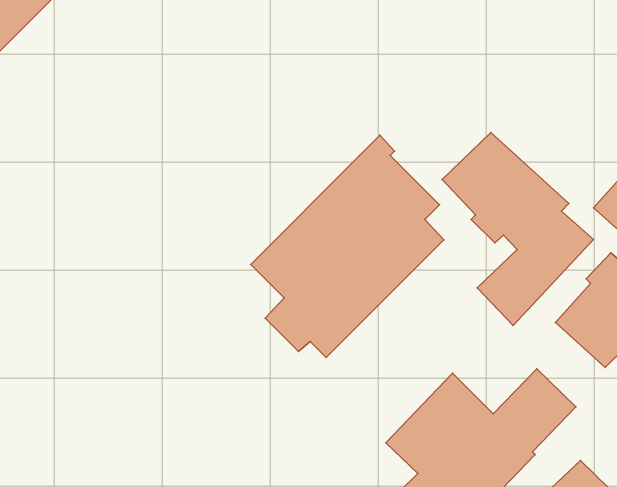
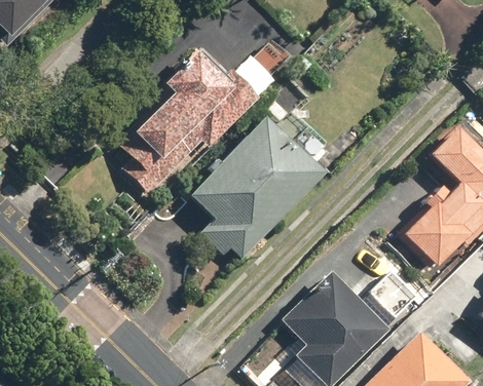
building: none -> [115,40,289,197]
building: [442,132,594,326] -> none

